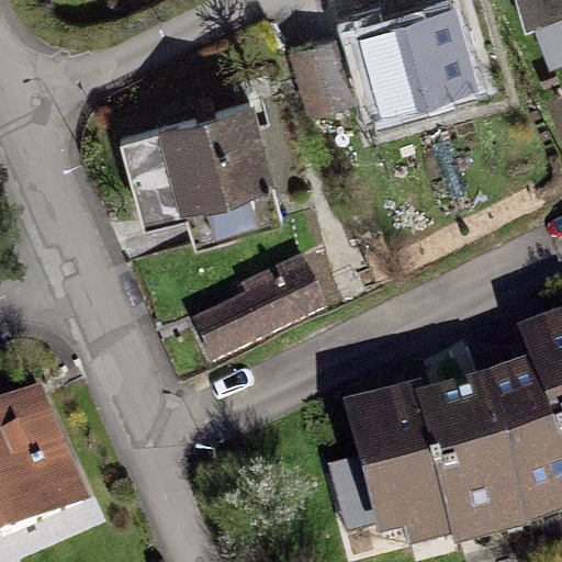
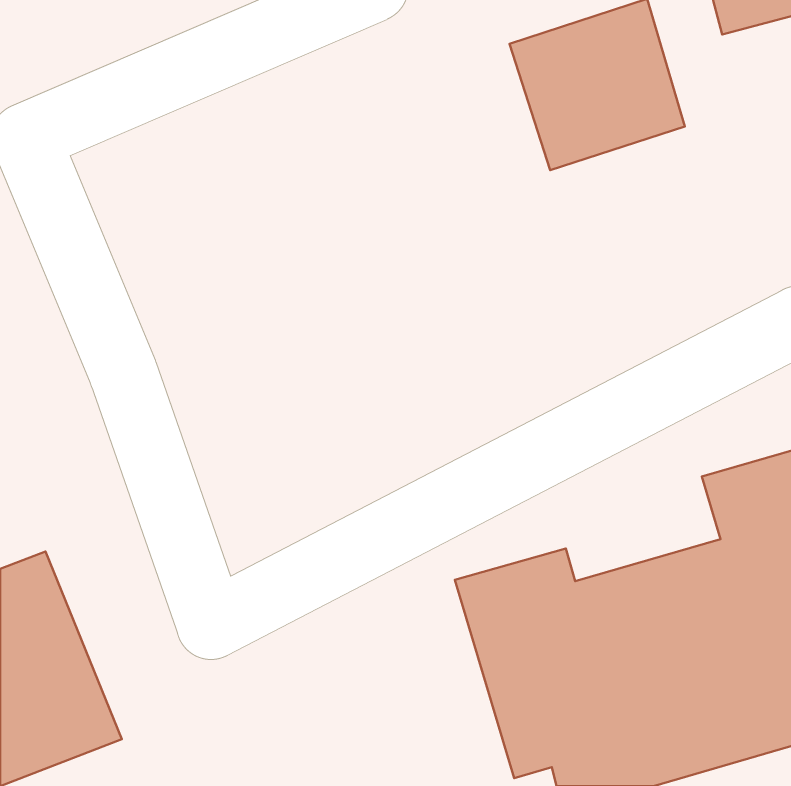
building: [138,99,265,215] -> none
building: [196,243,333,350] -> none

